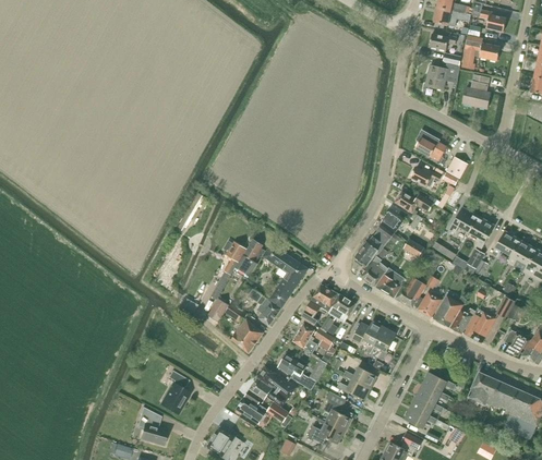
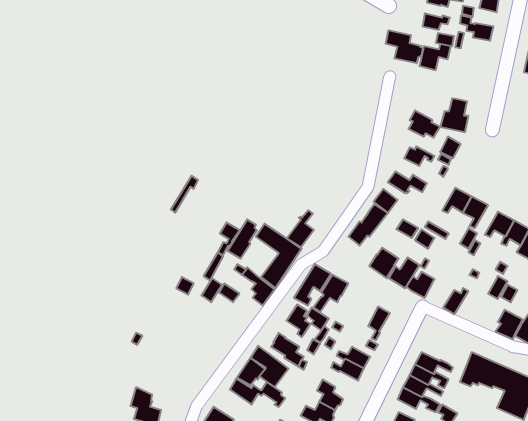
building: none -> [386,30,423,63]
building: [461,74,490,108] -> [440,98,468,132]
building: [360,249,387,286] -> [287,210,314,247]
building: [432,295,466,327] -> none
building: [463,312,495,342] -> none
building: [230,318,263,352] -> none
building: [351,319,384,353] -> none
building: [159,370,190,414] -> none

